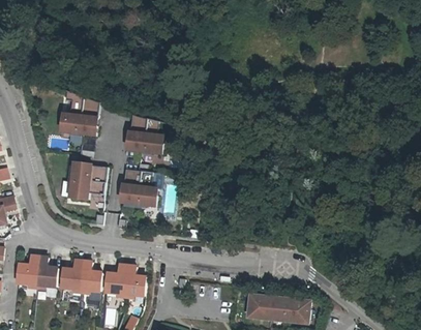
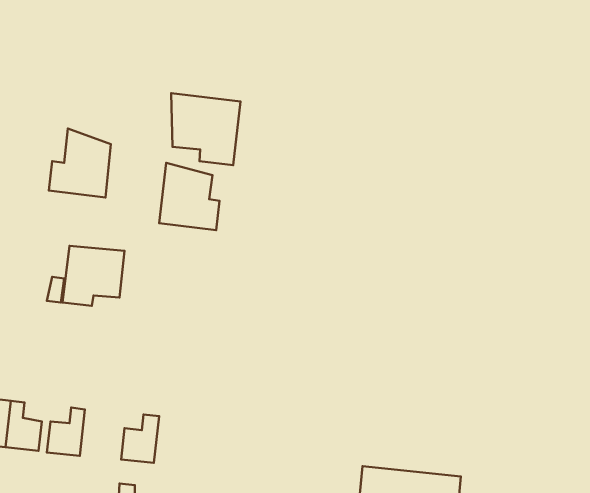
building: none -> [171,93,240,165]
building: [120,170,157,207] -> none
building: [80,262,101,292] -> none
building: [124,266,145,296] -> none

